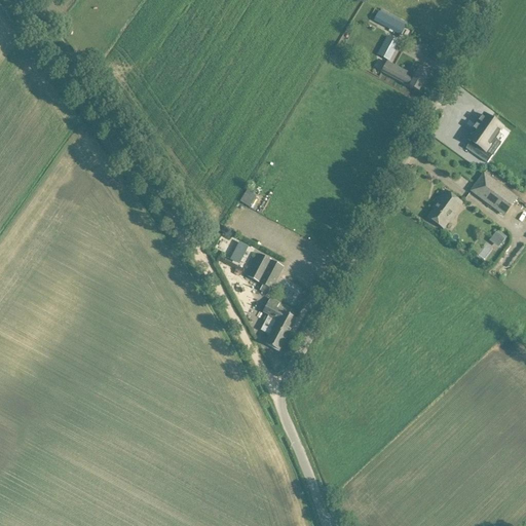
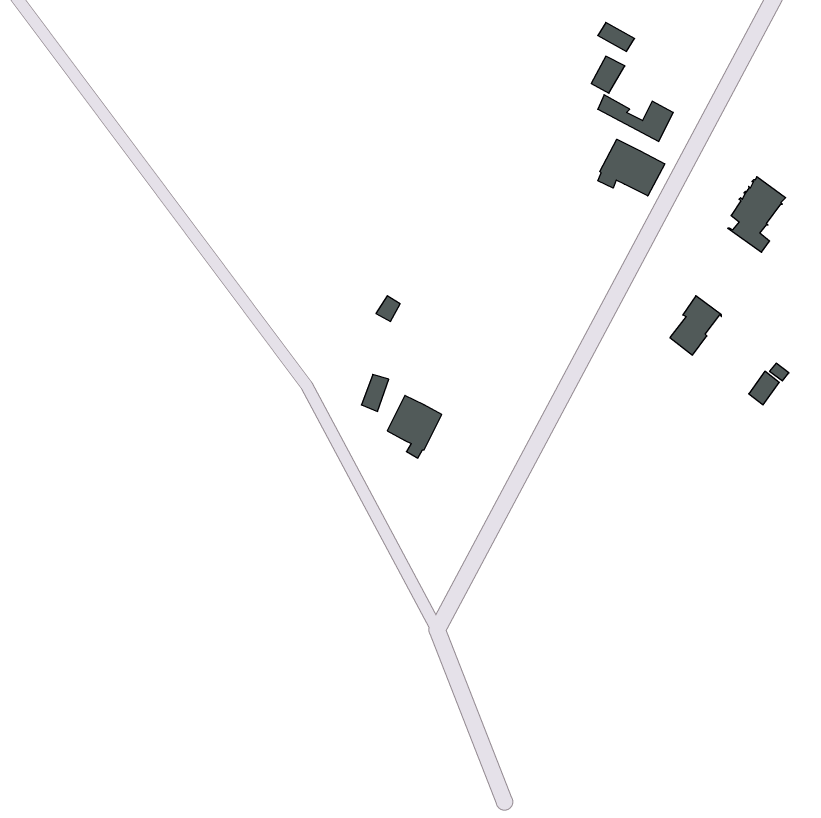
building: none -> [598,139,665,196]
building: [471,173,517,214] -> none
building: [261,297,296,349] -> none

